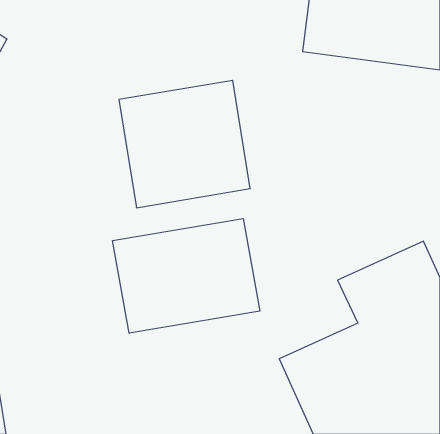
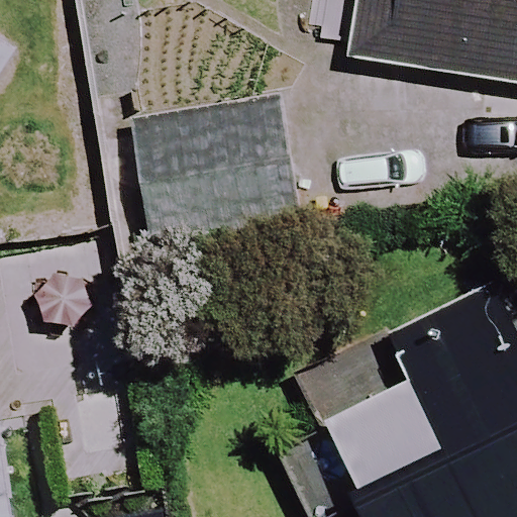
building: [113,219,260,333] -> none

